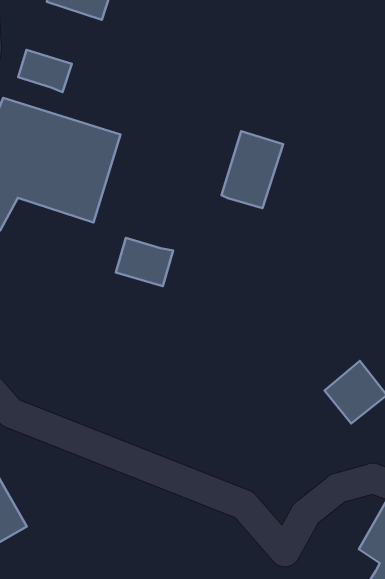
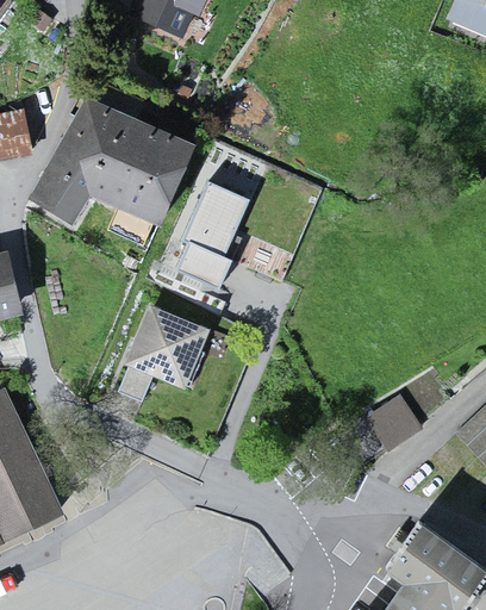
building: [18,50,72,92] -> none
building: [221,131,283,208] -> [183,185,248,261]
building: none -> [125,310,210,391]

